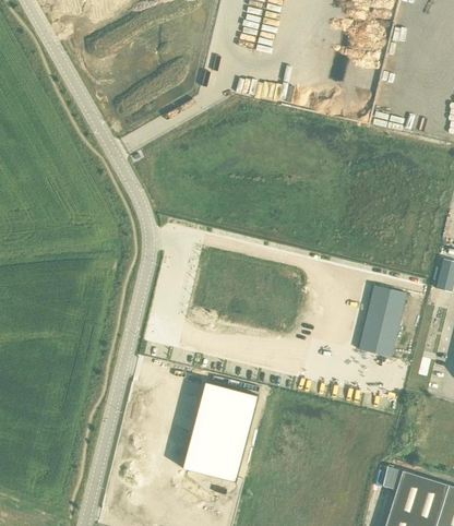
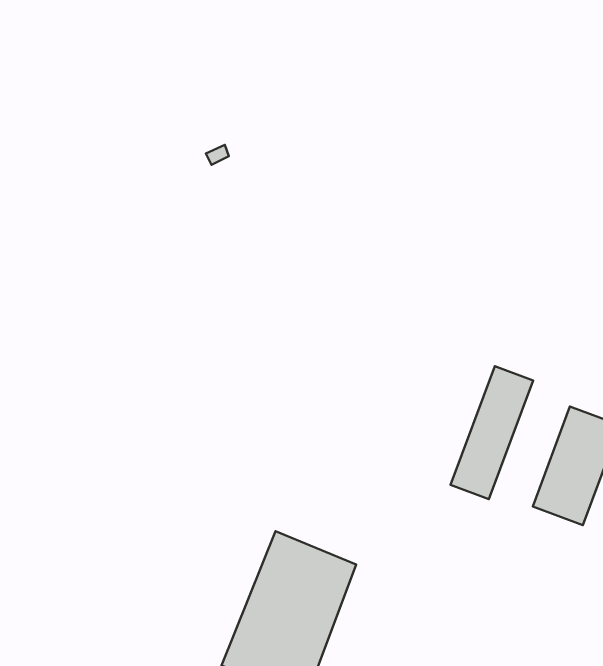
building: none -> [450,366,533,499]

